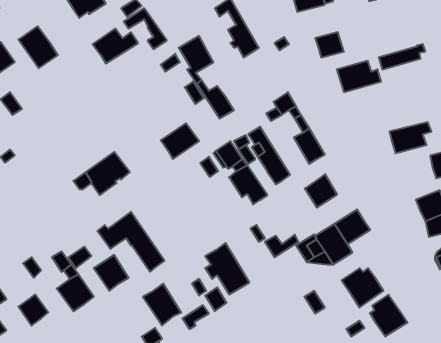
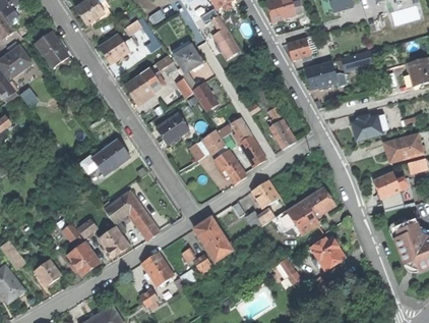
building: none -> [123,67,164,102]
building: [305,174,337,208] -> [251,178,279,207]
building: [370,295,408,337] -> none

